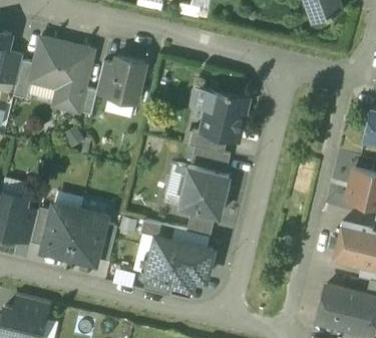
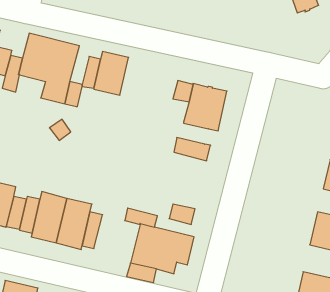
building: [189,128,228,153] -> none
building: [177,167,228,216] -> none

